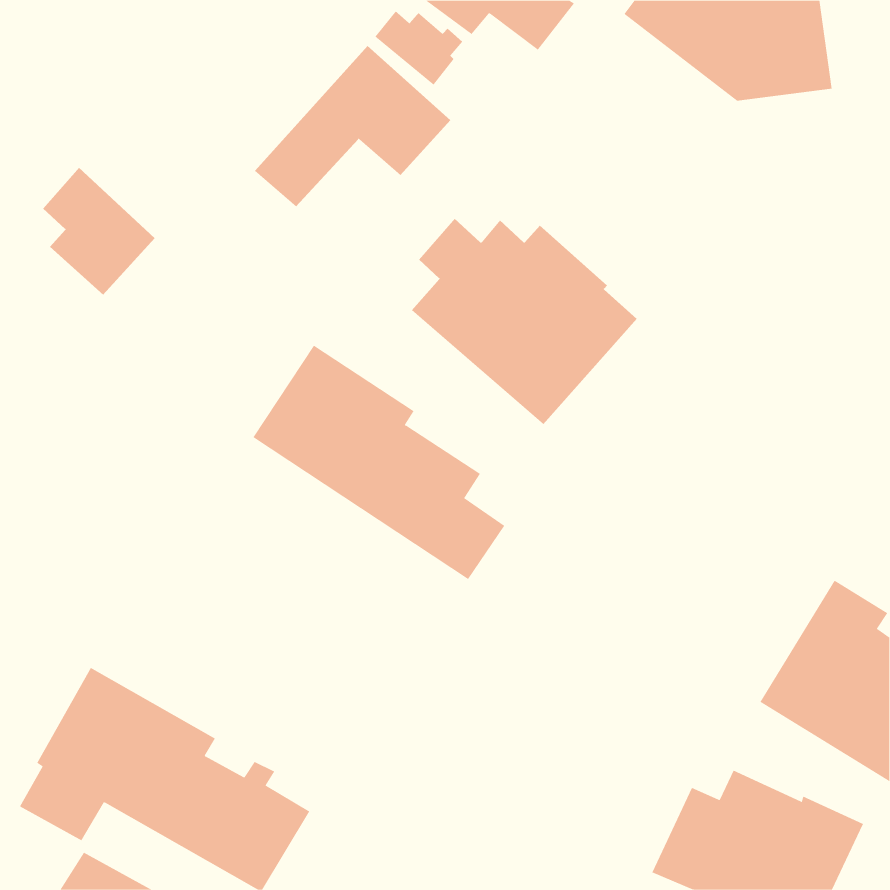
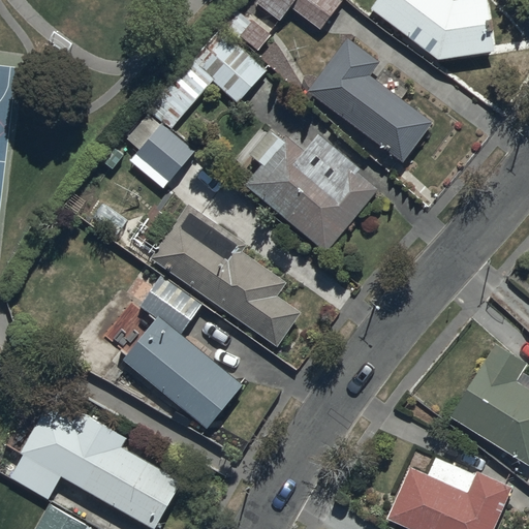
building: none -> [307,39,433,162]
building: [42,167,155,296] -> [126,114,193,190]
building: none -> [123,276,244,427]

